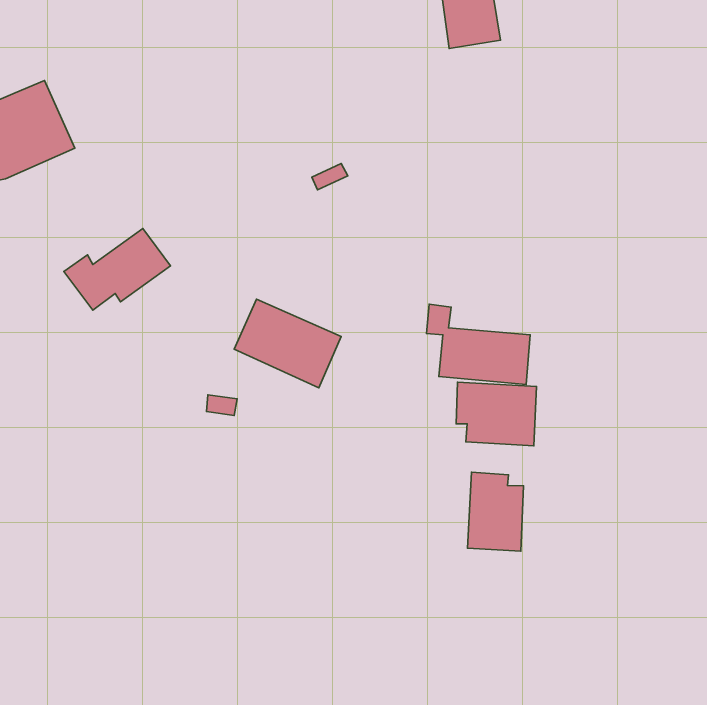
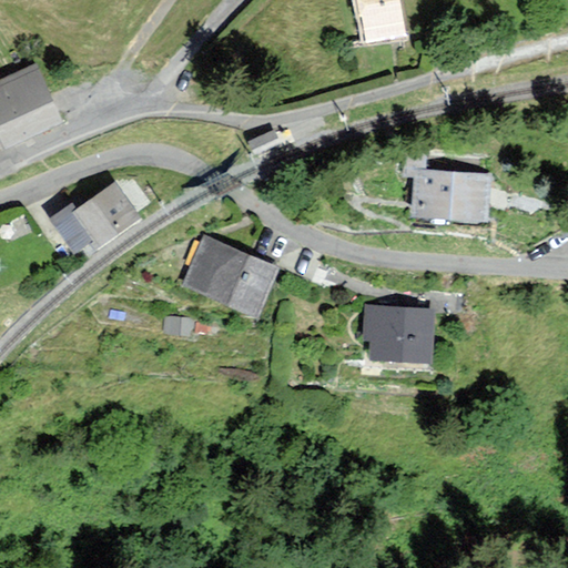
building: [426,304,530,385] -> [404,151,487,215]
building: [467,472,524,551] -> none

